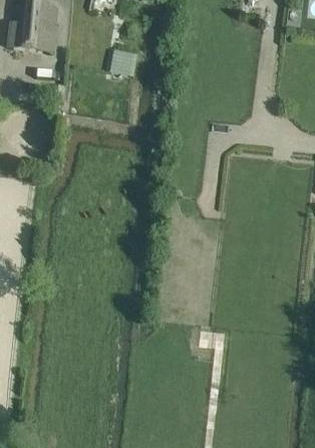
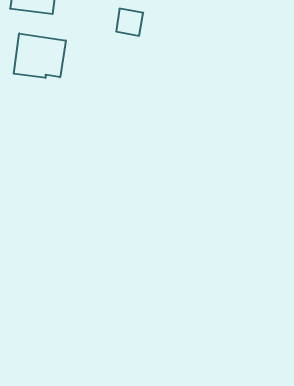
building: none -> [14,33,66,78]

